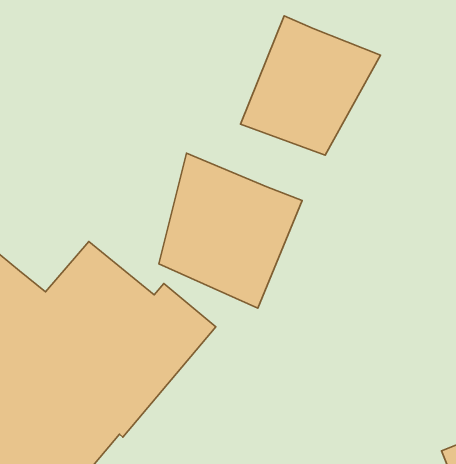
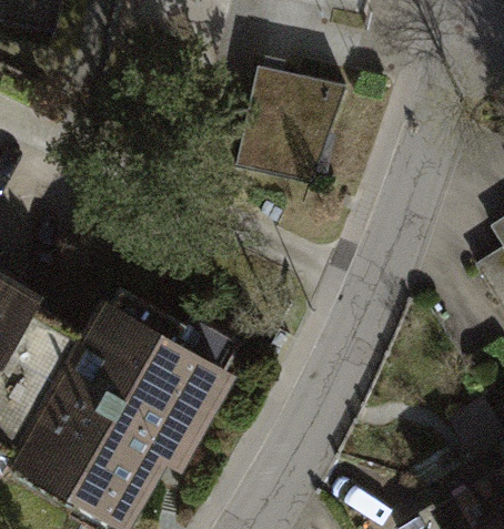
building: [159,153,302,308] -> none

